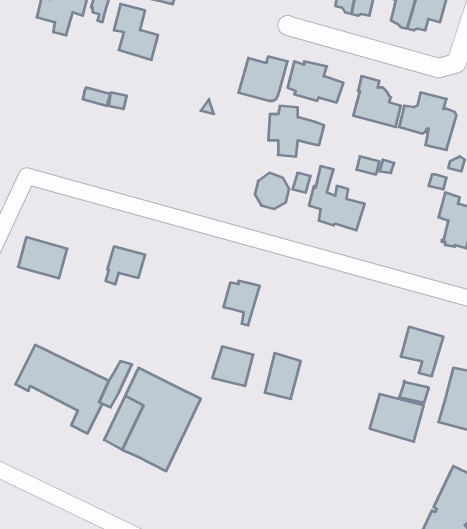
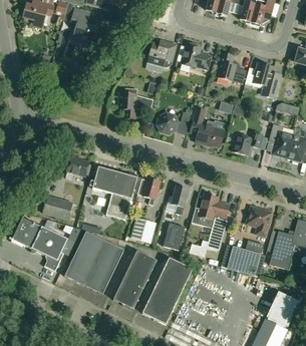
building: [268,106,324,157] -> [118,87,152,118]
building: none -> [233,130,262,154]
building: [18,237,67,278] -> [42,195,72,220]
building: none -> [92,166,136,220]
building: none -> [165,186,188,215]
building: none -> [189,194,230,257]
building: none -> [113,250,157,308]
building: none -> [141,258,192,324]

